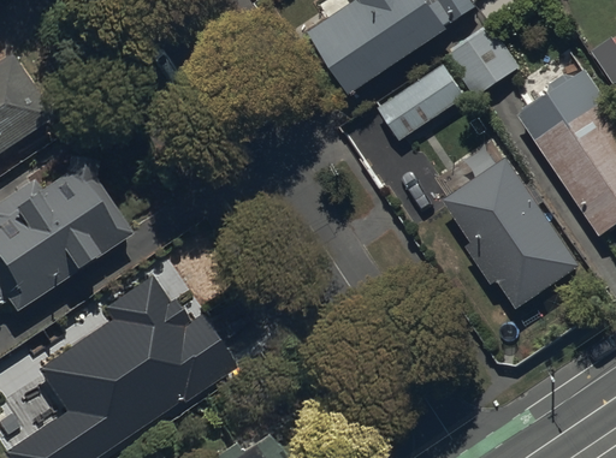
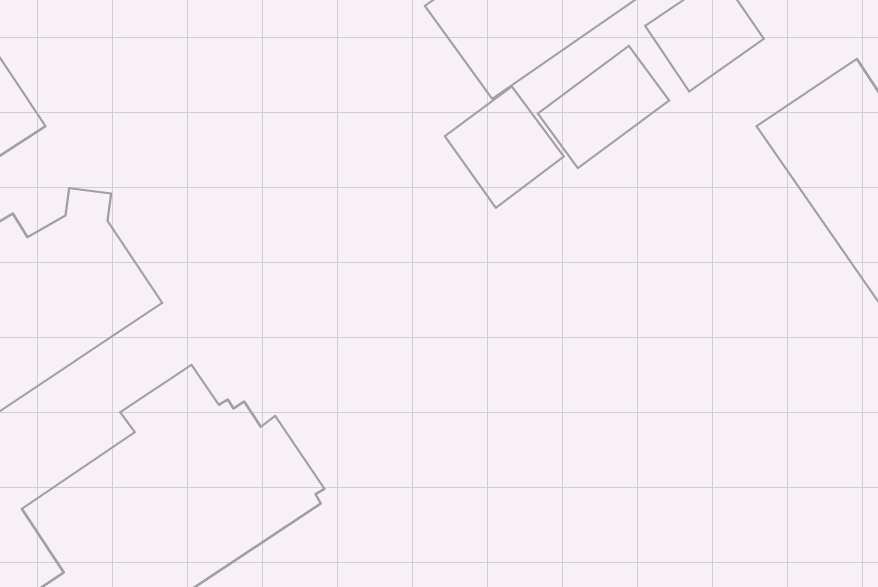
building: none -> [445,87,564,208]
building: [445,161,581,310] -> none

